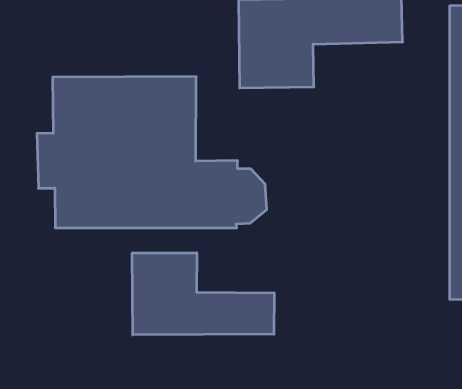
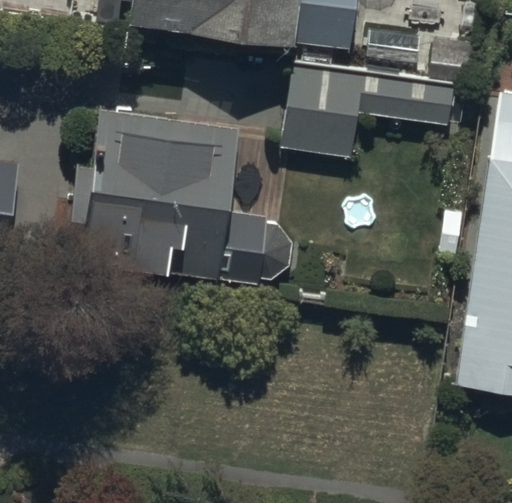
building: [132,253,274,335] -> none

